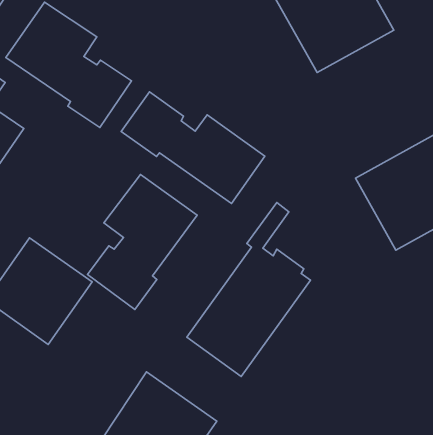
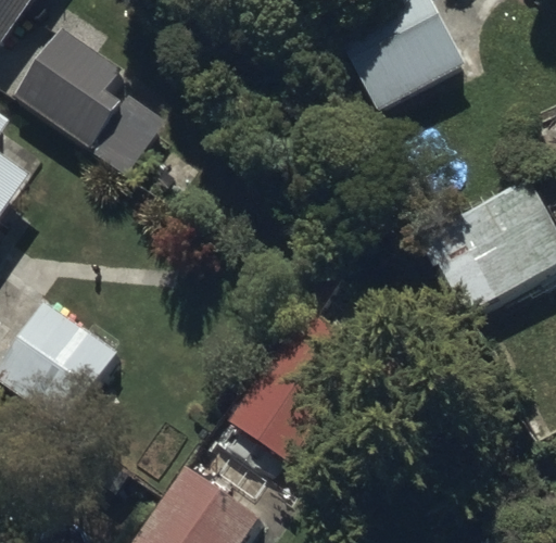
building: [121,92,265,204] -> none
building: [87,174,197,309] -> none

